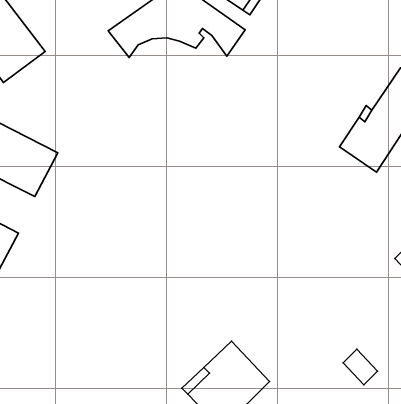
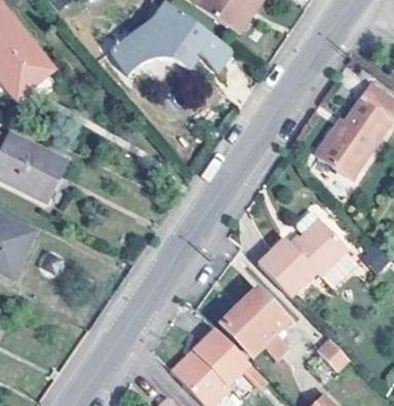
building: none -> [261,211,350,296]
building: none -> [222,285,289,357]

